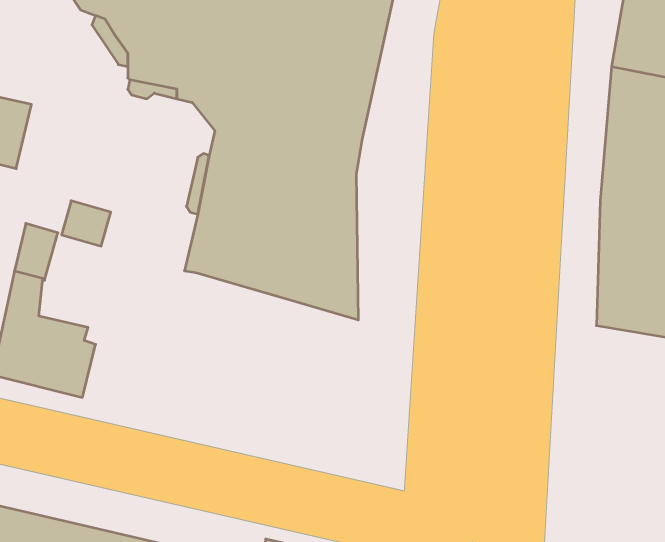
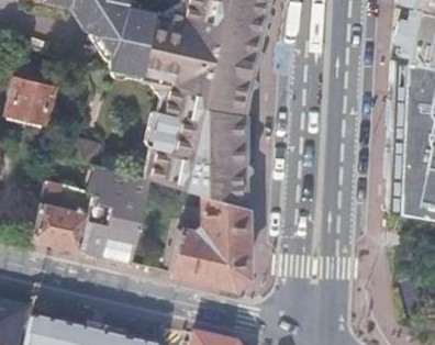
building: none -> [87,173,154,263]
building: none -> [170,193,248,286]

